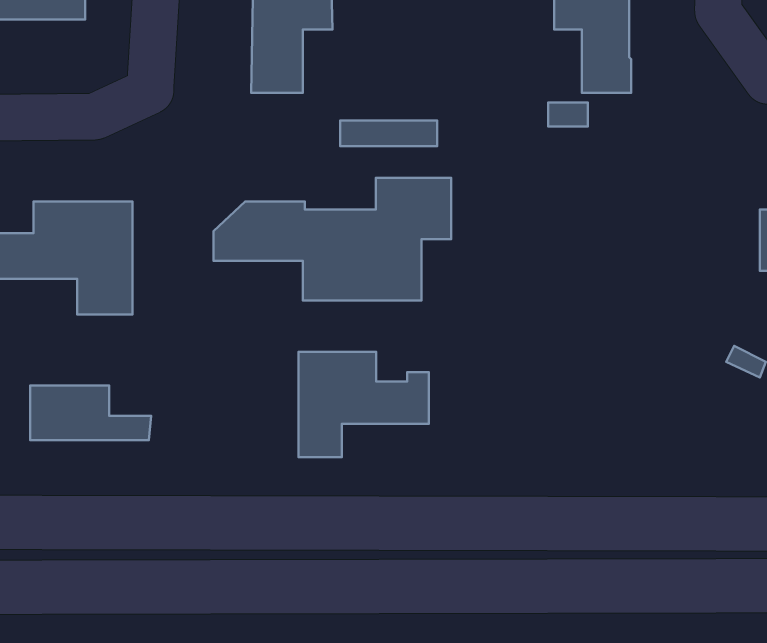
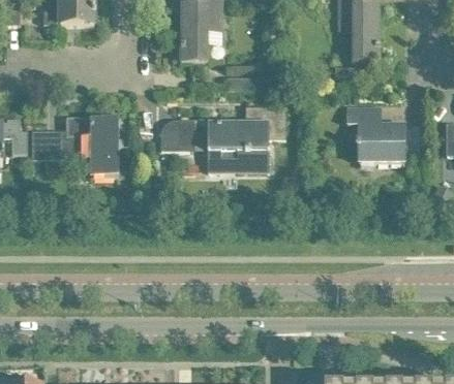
building: none -> [346,105,403,162]
building: [299,352,429,457] -> none
building: [30,385,151,440] -> none

